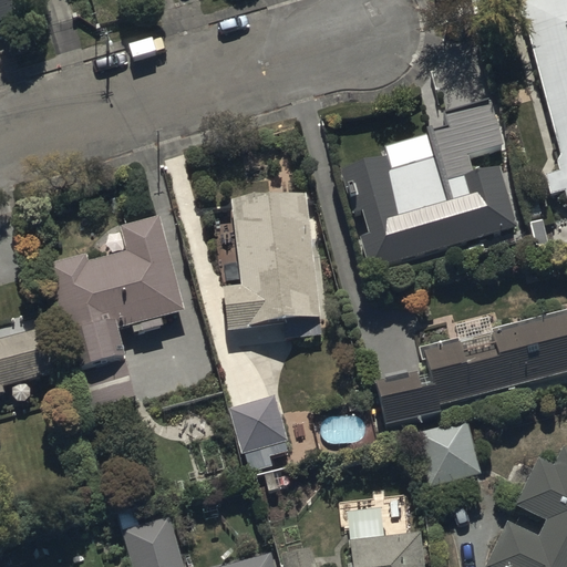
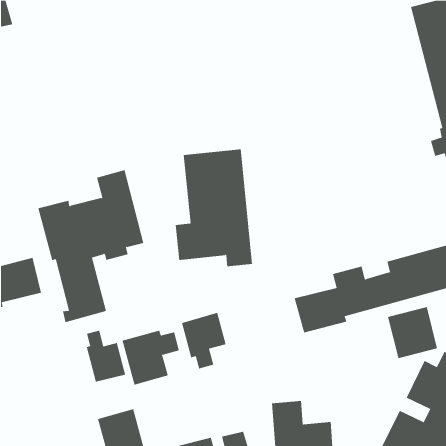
building: [340,101,517,268] -> none
building: none -> [86,330,126,383]
building: none -> [122,330,180,385]
building: [415,420,480,486] -> [387,306,438,359]

